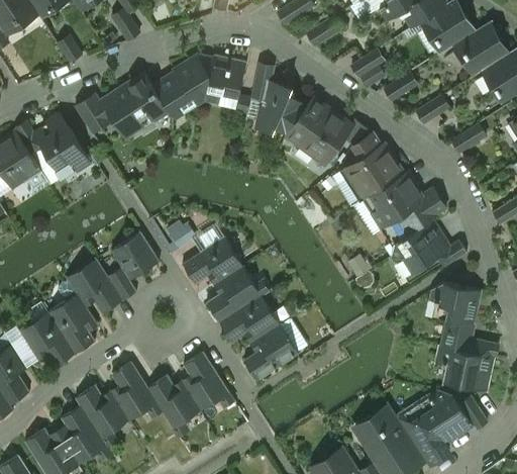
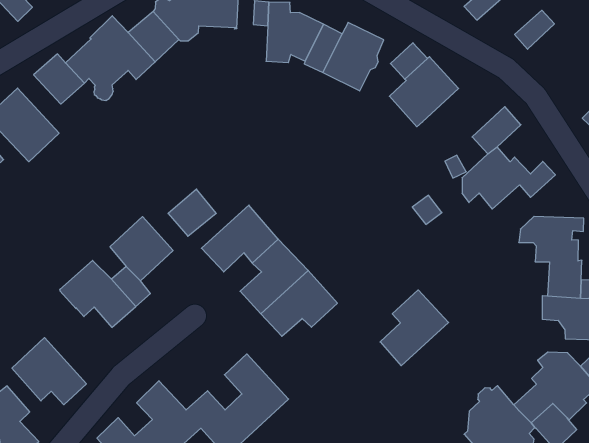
building: [370,173,426,224] -> none
building: [48,293,96,354] -> none
building: [243,324,299,381] -> [380,290,449,366]

